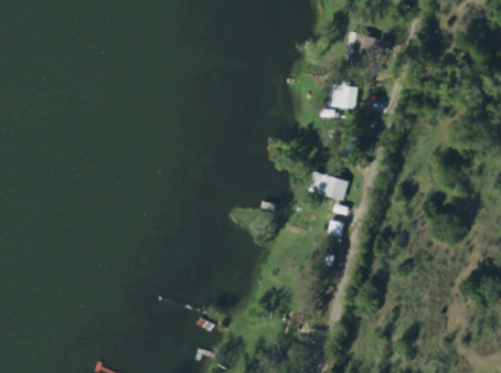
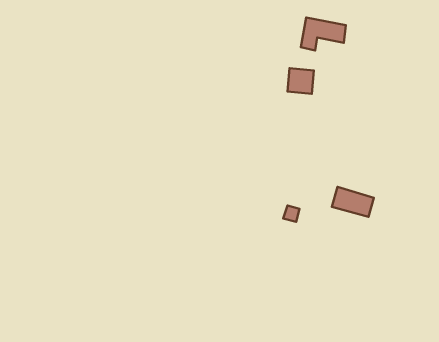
building: [307,170,349,200] -> [332,187,374,217]

